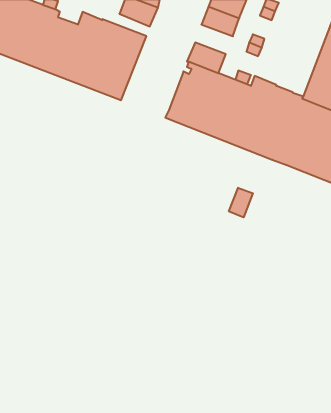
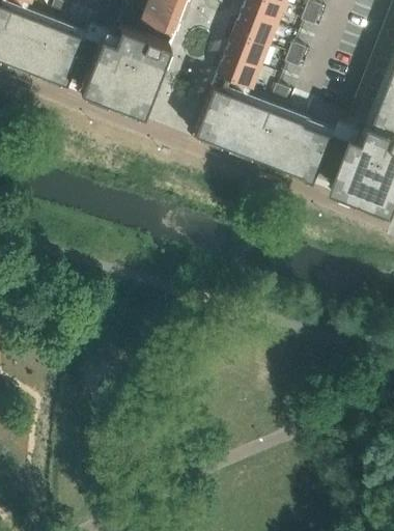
building: none -> [226,29,270,63]
building: [229,188,253,217] -> none

